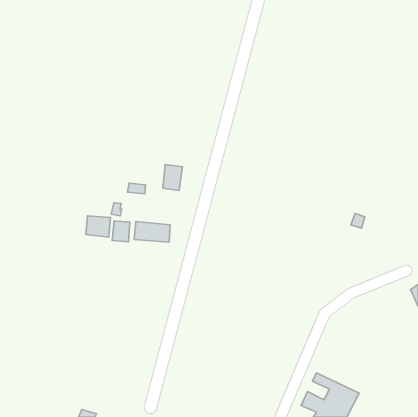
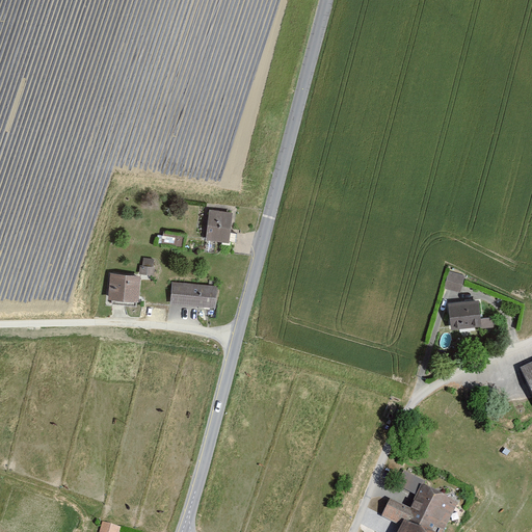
building: [112,221,130,242] -> none
building: none -> [450,300,495,328]

